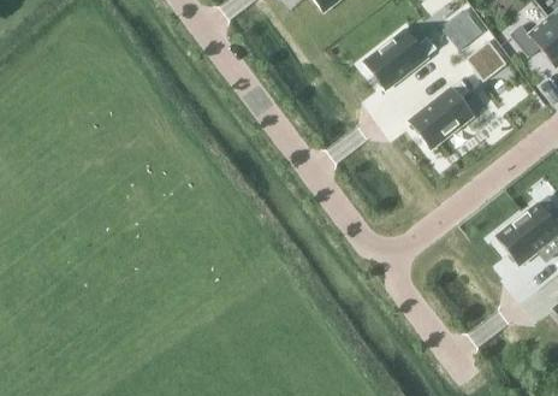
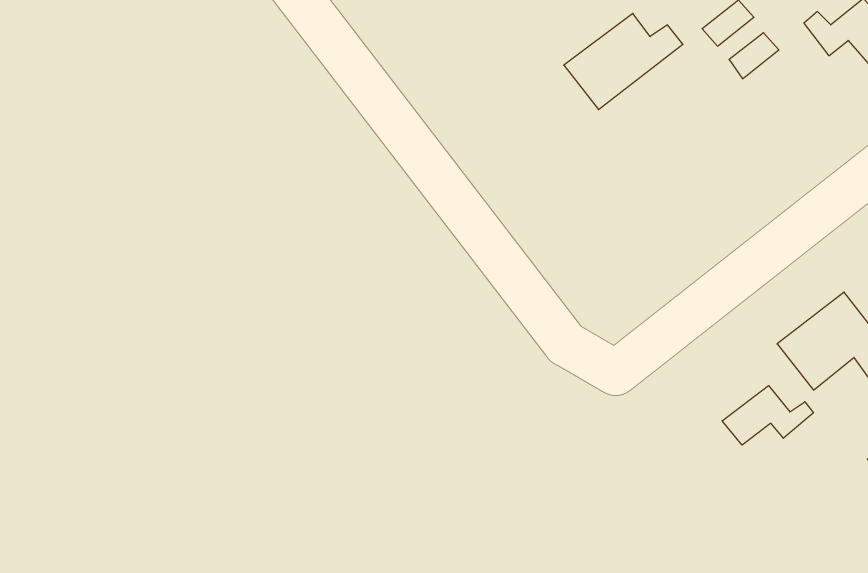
building: [409,79,473,148] -> none
building: none -> [722,386,813,445]

